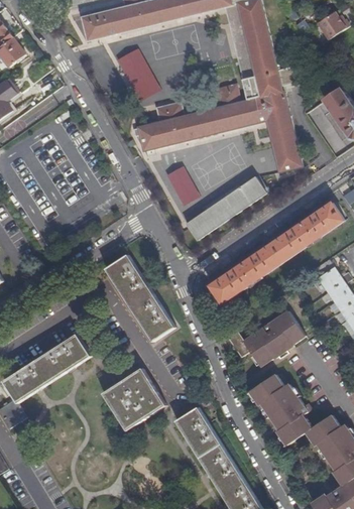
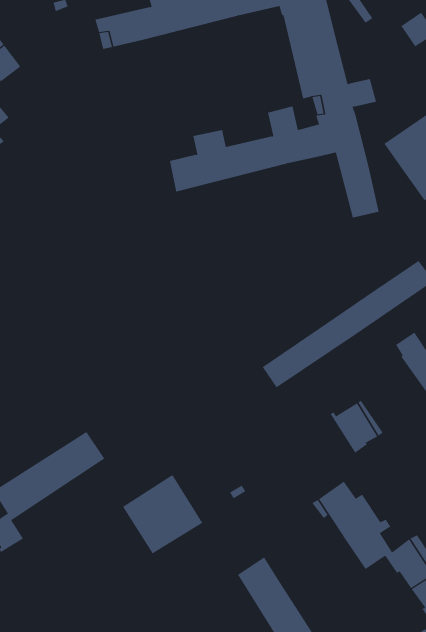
building: [120,49,157,96] -> none
building: [167,166,198,203] -> none
building: [186,175,267,239] -> none
building: [105,254,174,341] -> none
building: [226,317,281,366] -> none
building: [175,407,212,446] -> none

